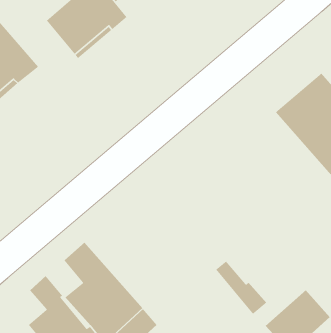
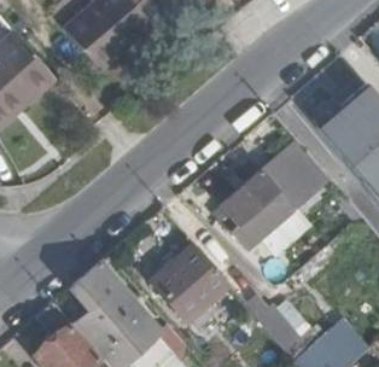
building: none -> [222,140,334,252]
building: none -> [156,245,235,325]

